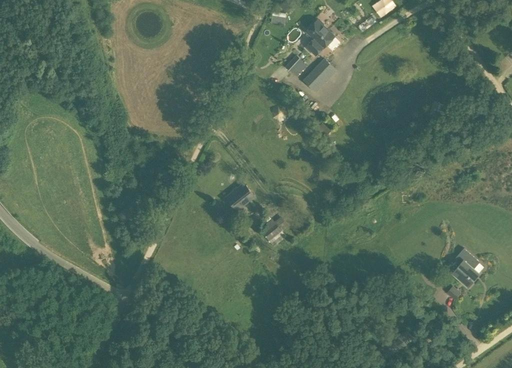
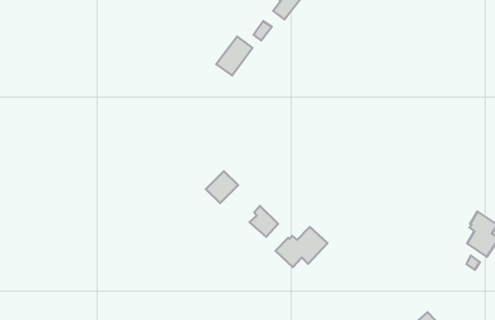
building: [302,58,336,92] -> [216,36,252,75]
building: none -> [275,227,327,267]

